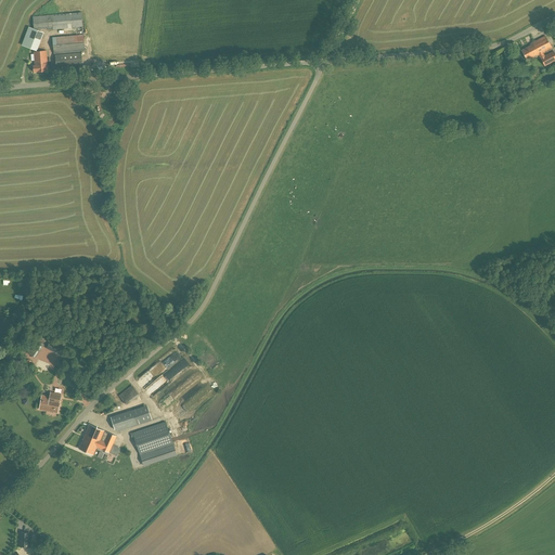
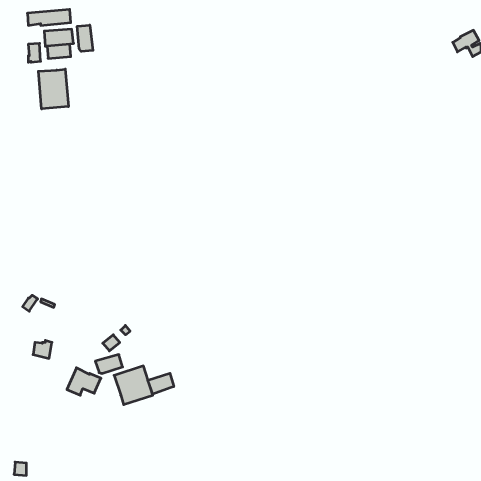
building: none -> [77,25,93,51]
building: none -> [38,69,68,109]
building: none -> [148,373,174,394]

